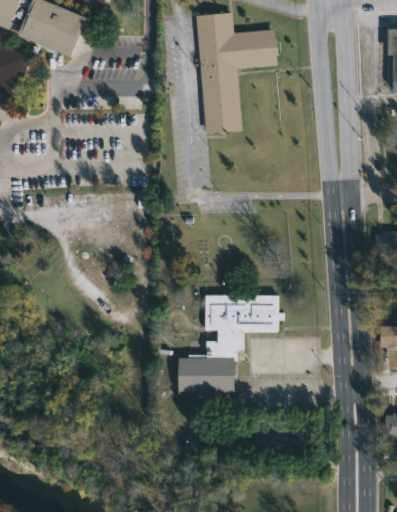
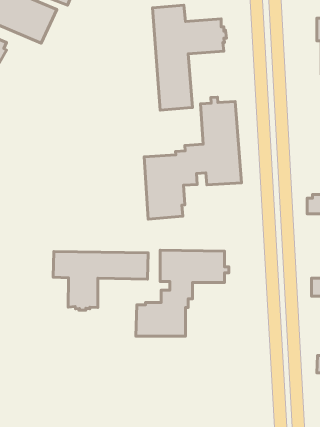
building: none -> [144,97,241,219]
building: none -> [53,251,148,310]

